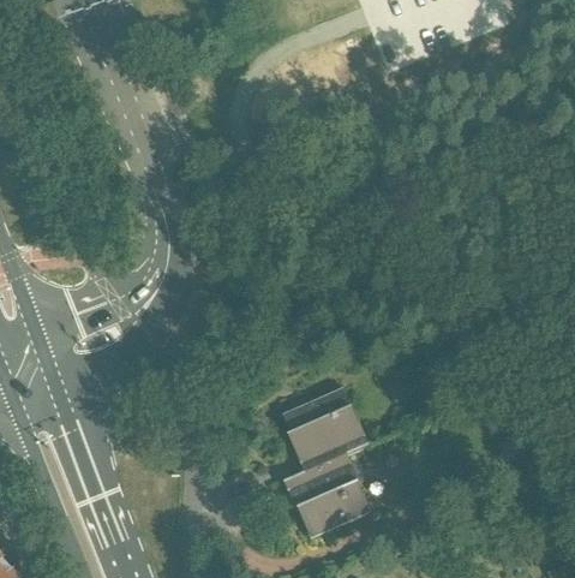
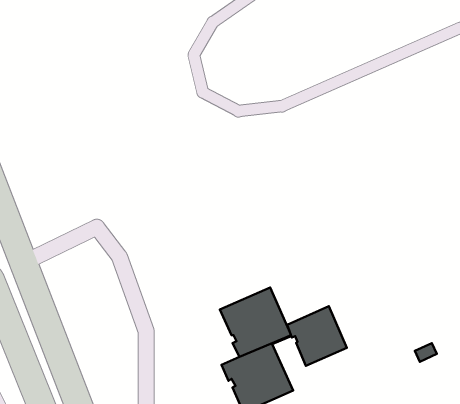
building: none -> [287,306,347,366]

